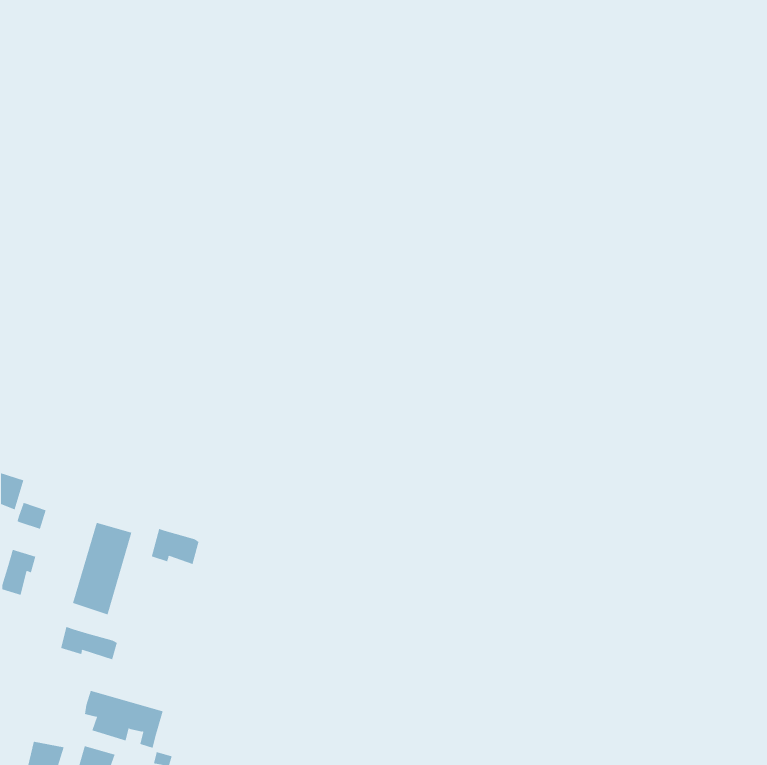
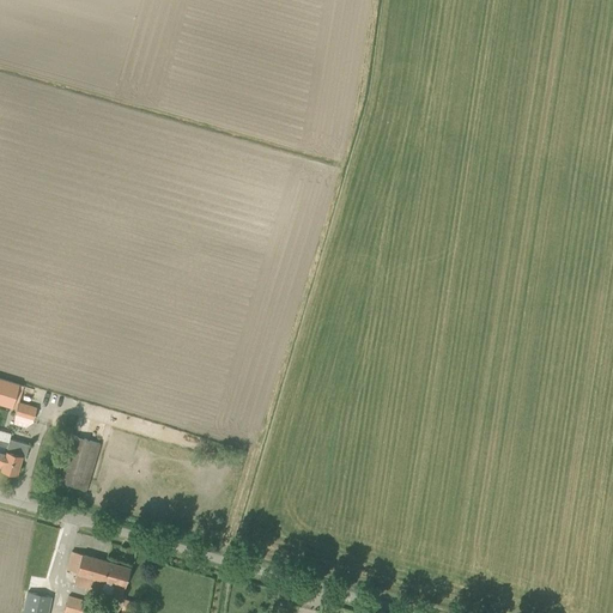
building: [151,528,199,565] -> none
building: [61,626,117,660] -> none

